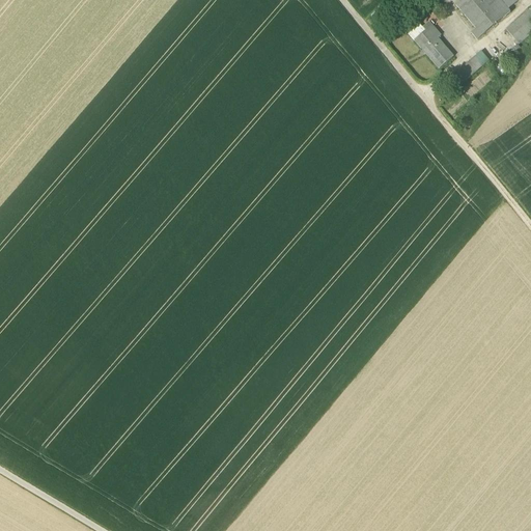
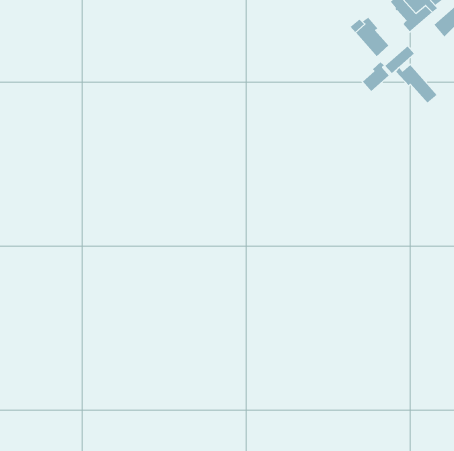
building: none -> [362,61,390,92]
building: none -> [396,64,438,104]

